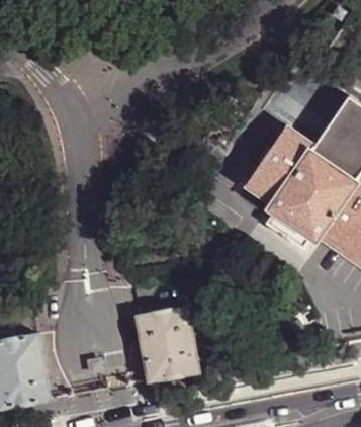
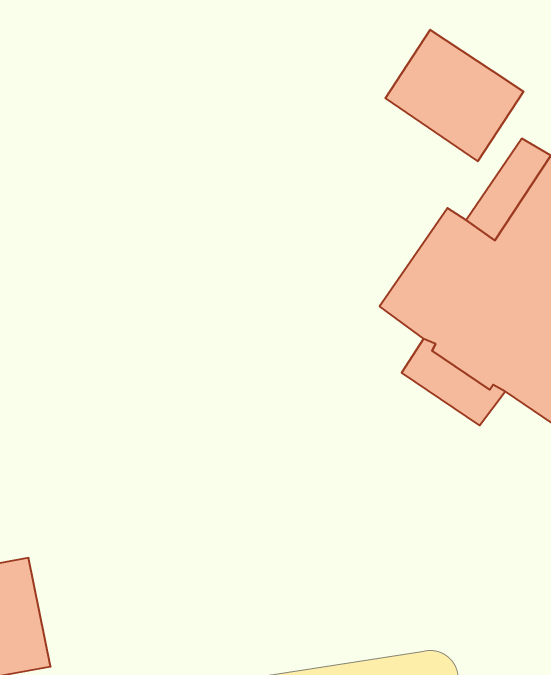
building: none -> [385,30,523,161]
building: [139,308,200,382] -> none

